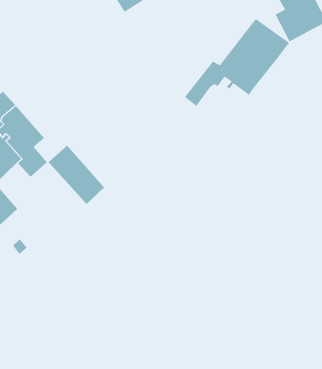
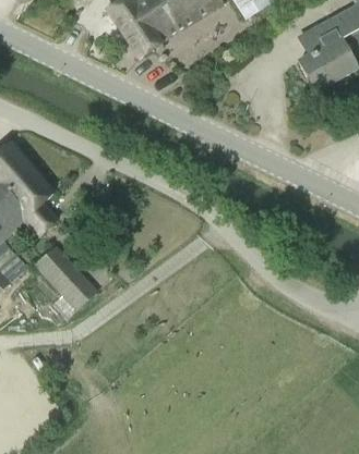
building: [184,18,290,107] -> none
building: [48,145,105,205] -> [34,245,95,309]

